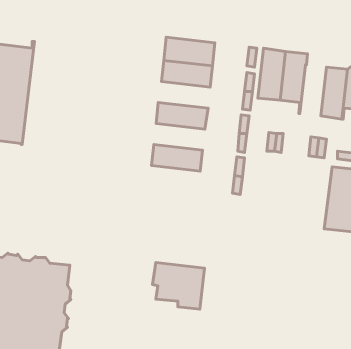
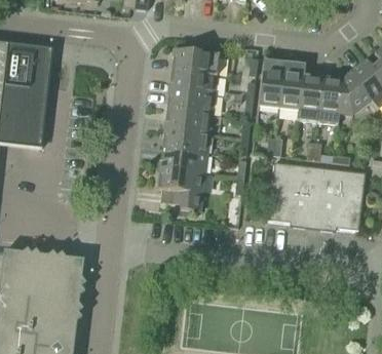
building: none -> [298,74,322,121]
building: none -> [166,89,215,114]
building: none -> [162,128,209,153]
building: none -> [268,162,328,226]
building: [152,263,204,309] -> [157,167,205,210]

